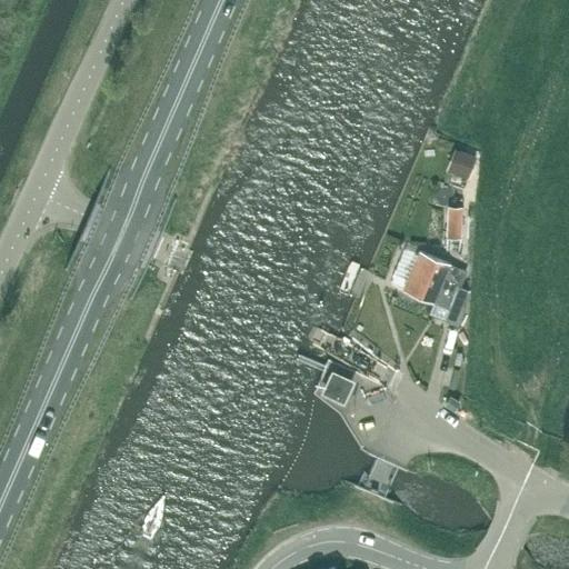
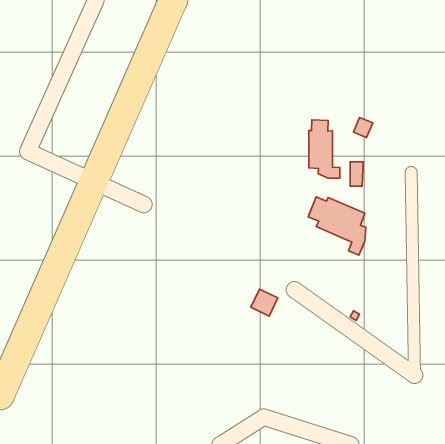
building: none -> [309,120,340,178]

